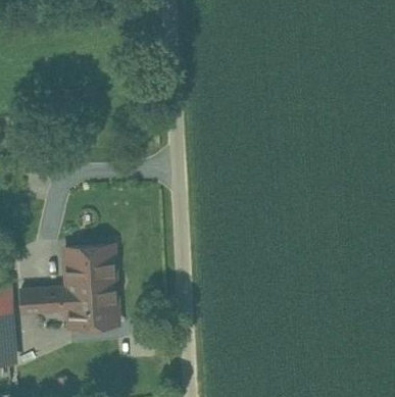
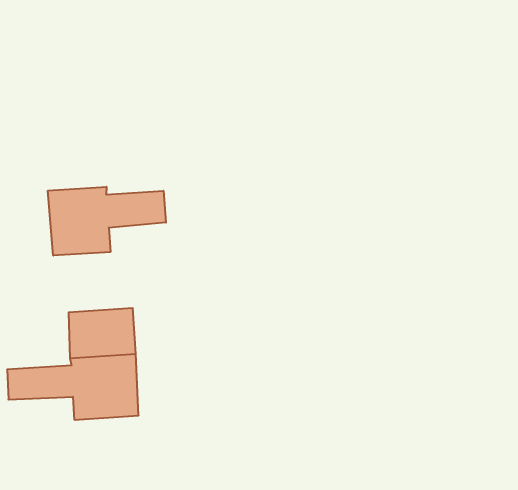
building: none -> [48,187,166,256]

